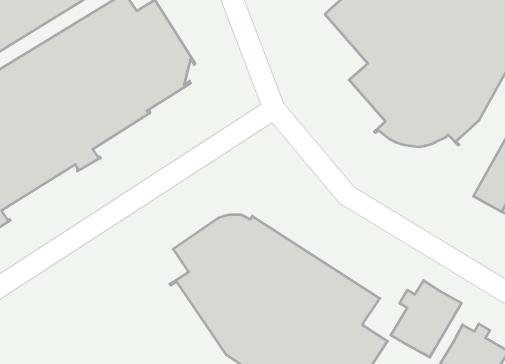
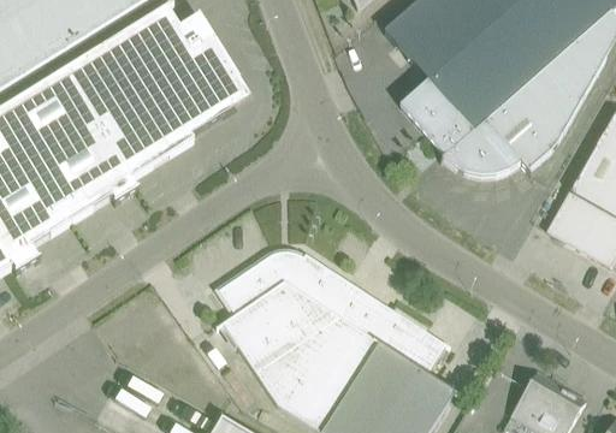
building: [391,280,461,357] -> none

